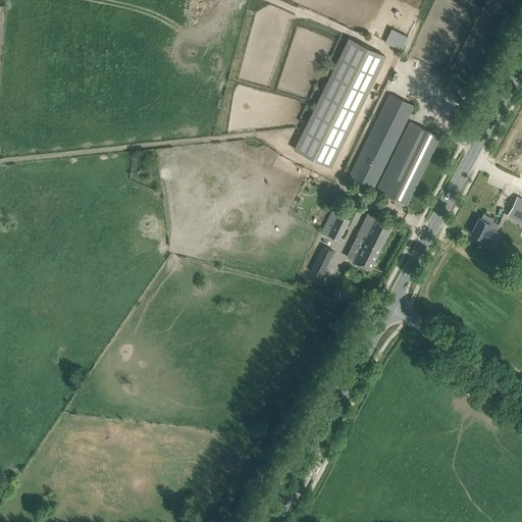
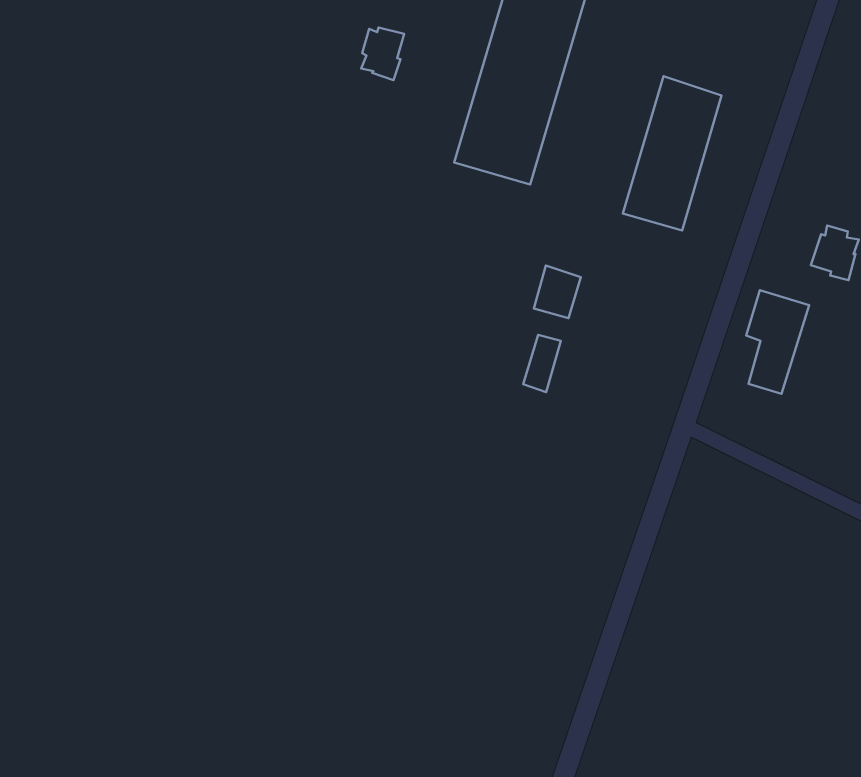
building: none -> [361,27,404,80]
building: [349,95,413,189] -> none
building: [353,214,392,270] -> [746,290,809,394]

